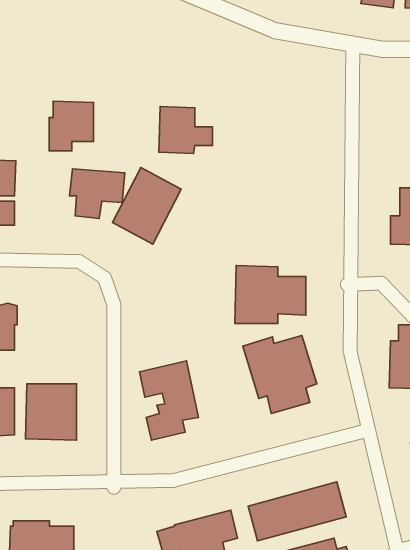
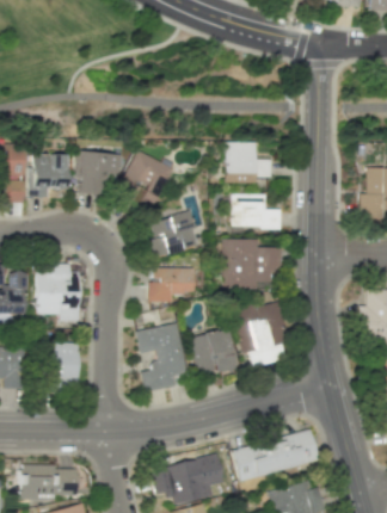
building: [49,101,93,151] -> [27,153,67,197]
building: [159,107,212,154] -> [223,142,271,184]
building: none -> [231,193,281,230]
building: none -> [139,210,201,262]
building: none -> [35,264,80,321]
building: none -> [148,267,194,302]
building: none -> [190,330,236,373]

